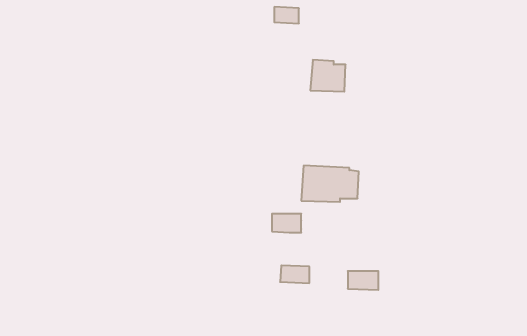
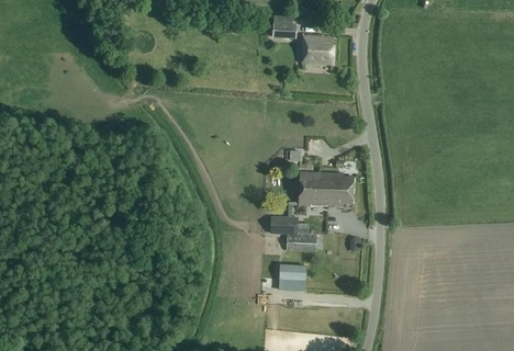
building: [310,60,346,92] -> [300,34,333,64]
building: [348,271,378,290] -> [287,234,315,251]

